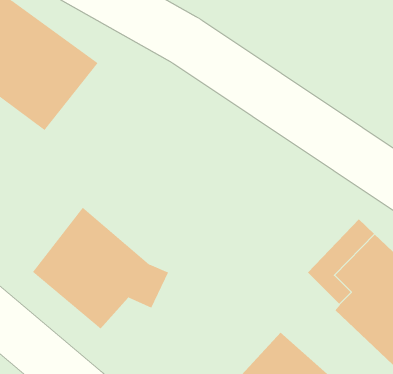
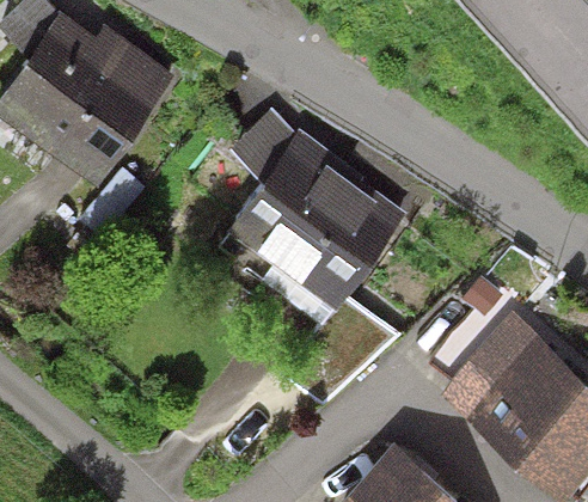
building: none -> [226,117,404,310]
building: [32,207,169,330] -> none

